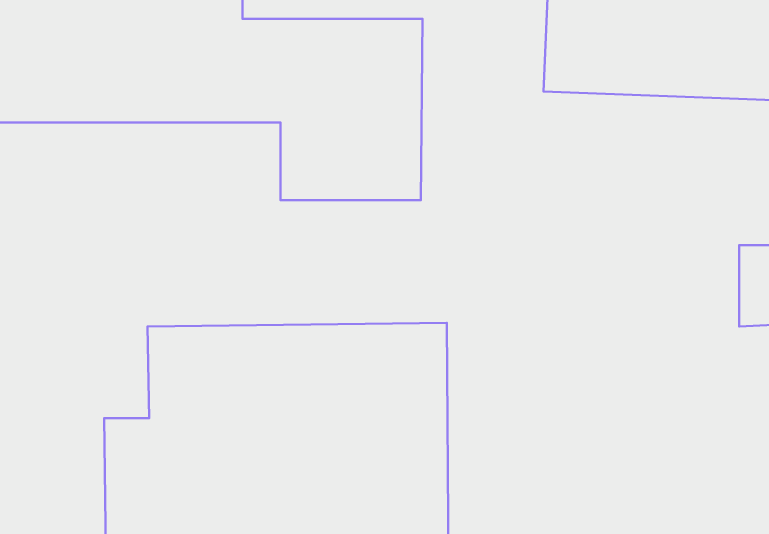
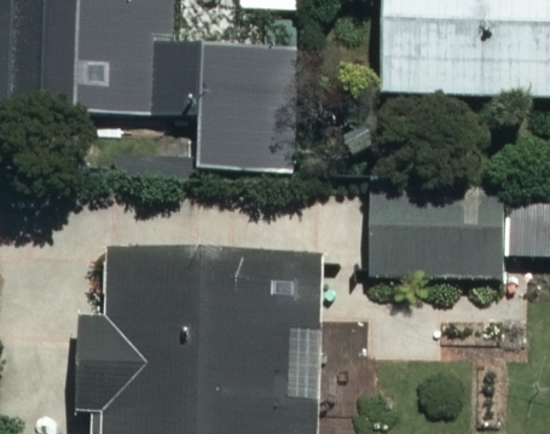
building: none -> [372,197,499,294]

